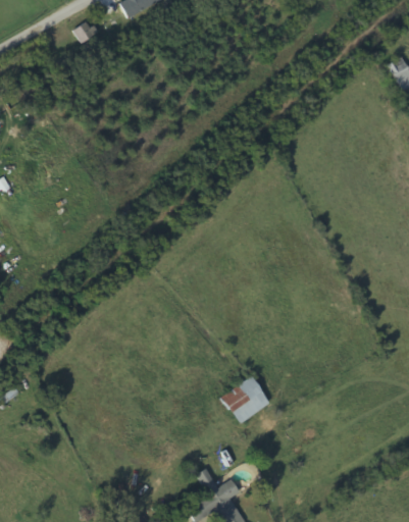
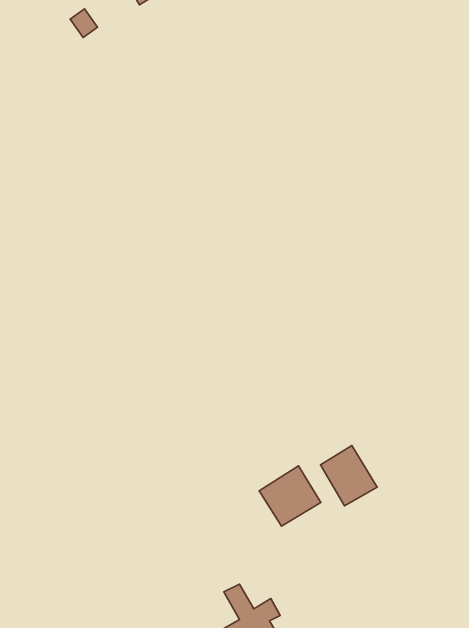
building: none -> [320,445,377,506]

